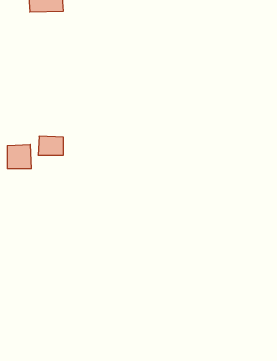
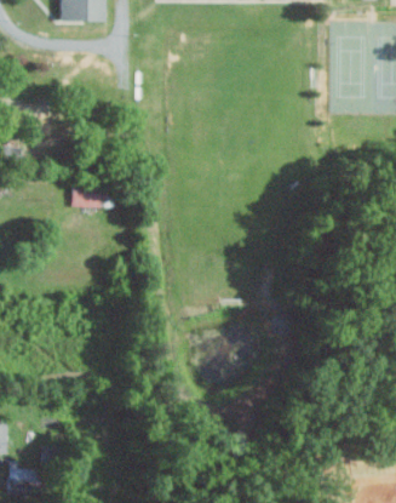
building: [7,144,31,169] -> none

